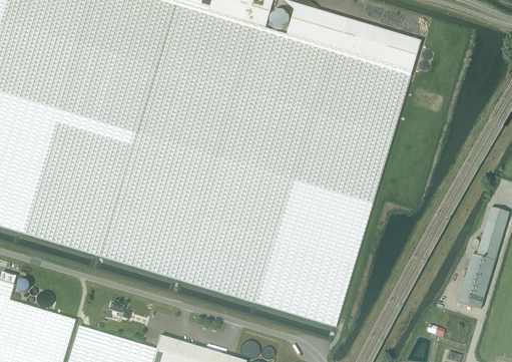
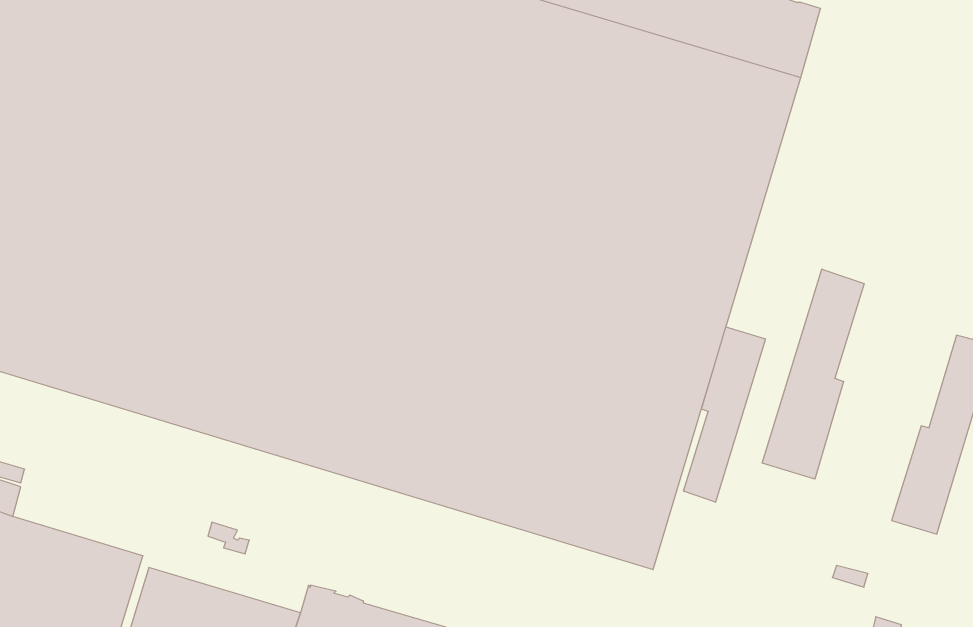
building: none -> [762,269,864,479]
building: none -> [684,327,766,502]

